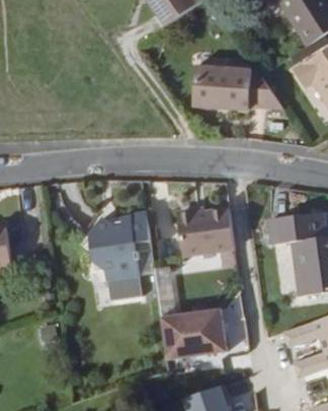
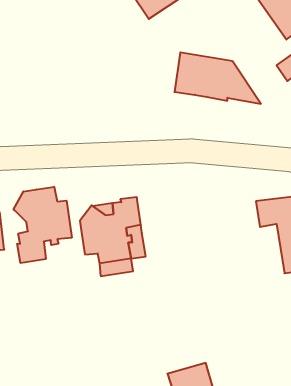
building: none -> [14,187,72,263]
building: [181,210,239,258] -> none
building: [166,304,233,359] -> none

